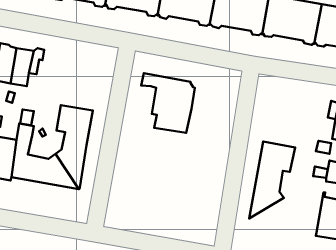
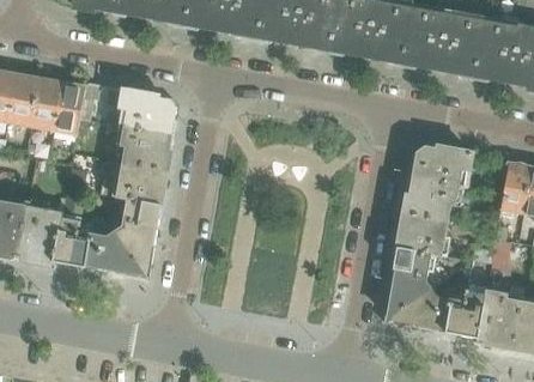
building: [141,73,195,133] -> [104,86,178,169]
building: none -> [402,143,472,220]
building: none -> [383,279,486,338]

